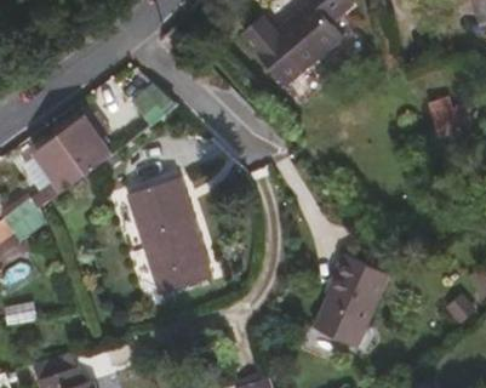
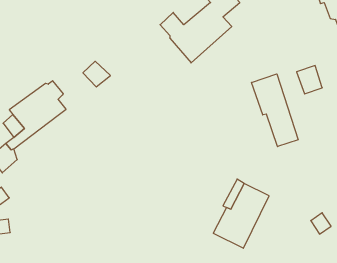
building: none -> [252,74,298,147]
building: [130,172,211,286] -> none

